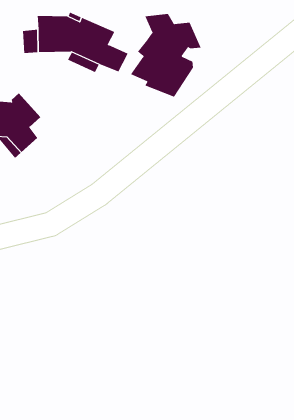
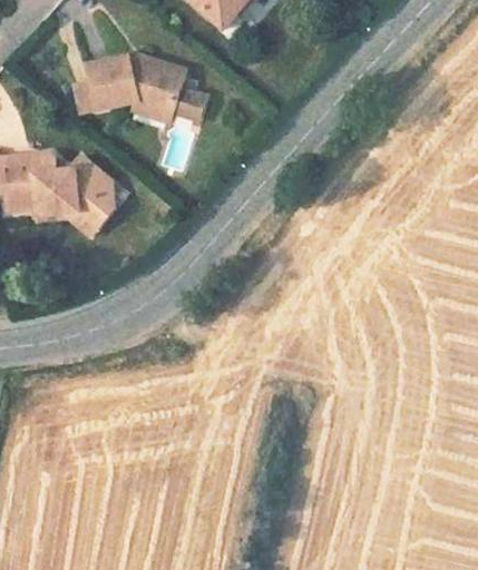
building: [130,13,201,97] -> none

